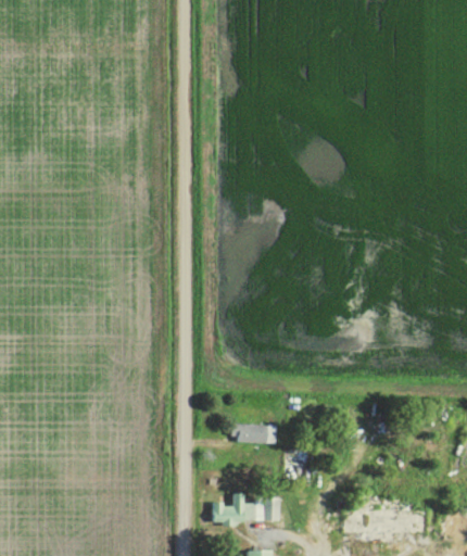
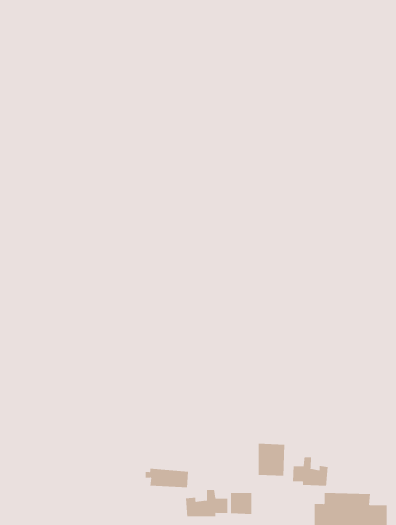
building: [235,424,278,443] -> [145,468,189,488]
building: none -> [293,456,328,486]

